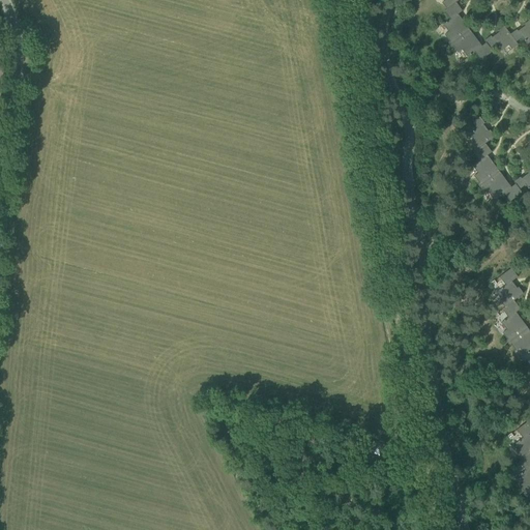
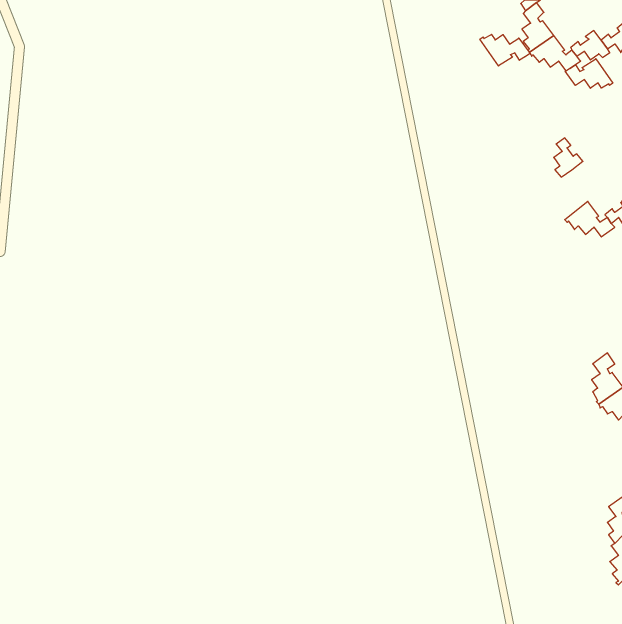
building: none -> [480,34,530,66]
building: none -> [565,59,613,88]
building: [473,144,500,186] -> none
building: [498,268,524,308] -> none

